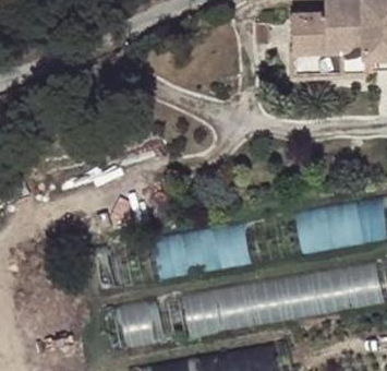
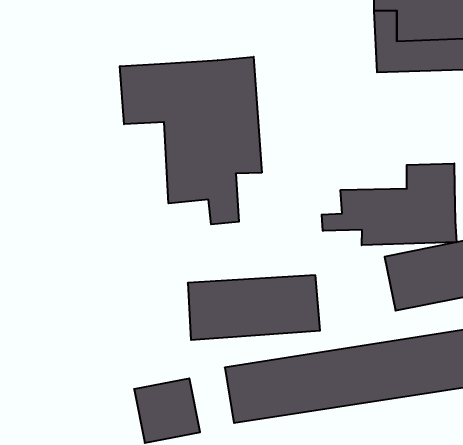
building: none -> [120,57,262,224]
building: none -> [322,163,457,245]

